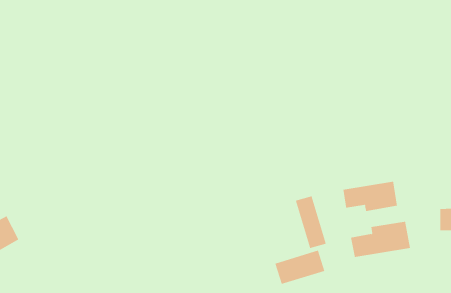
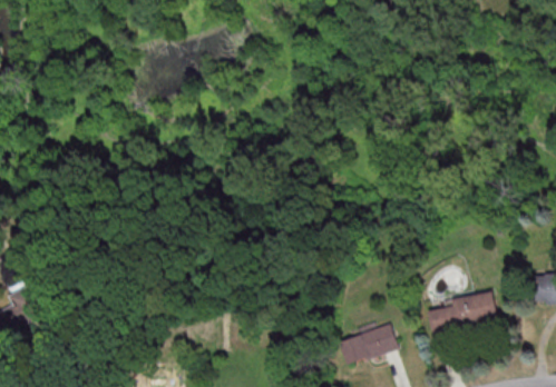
building: [343,181,397,212] -> none
building: [295,195,327,249] -> none

